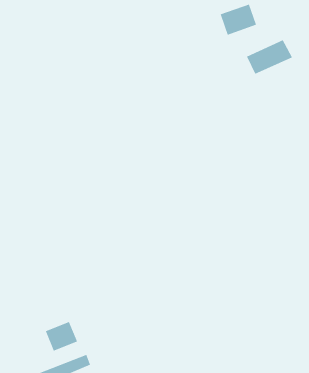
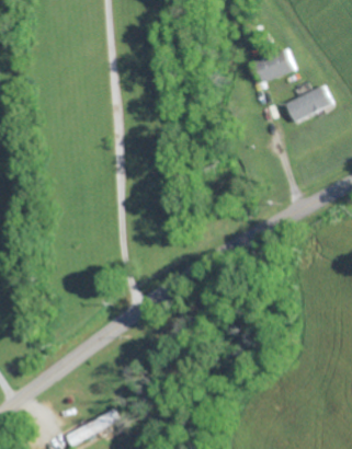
building: [45,321,78,352] -> none

